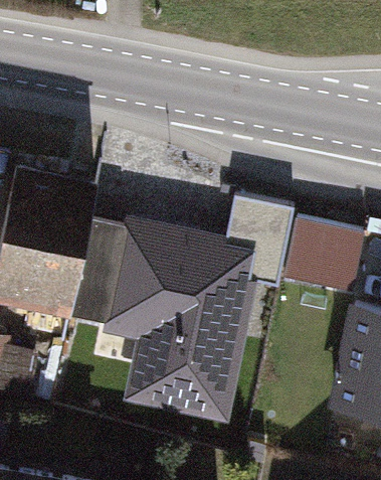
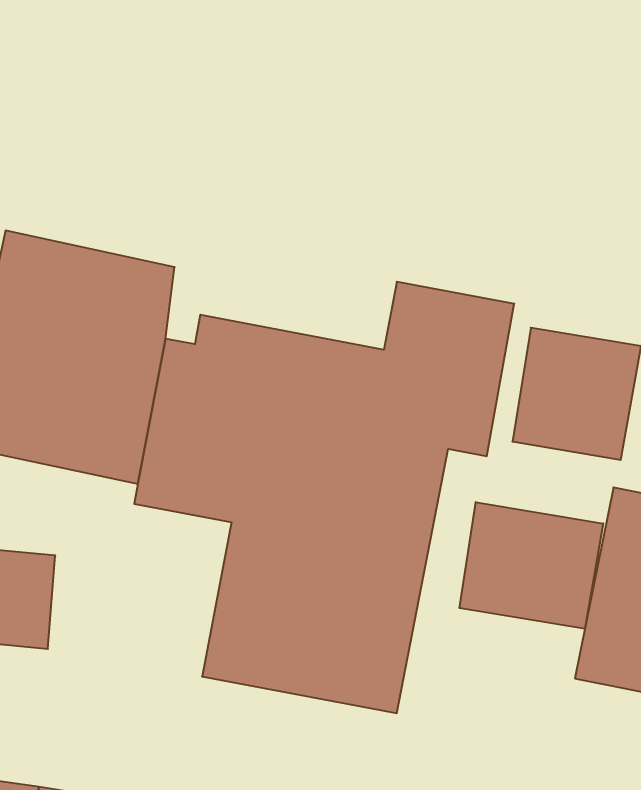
building: none -> [459,502,603,629]

